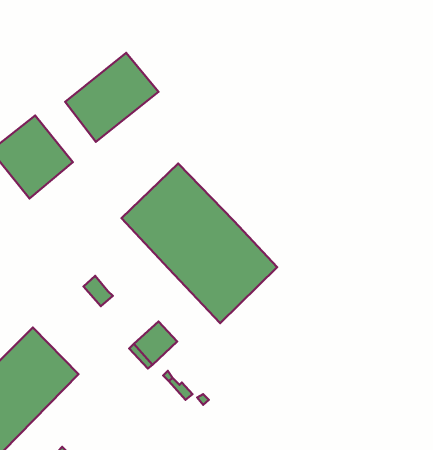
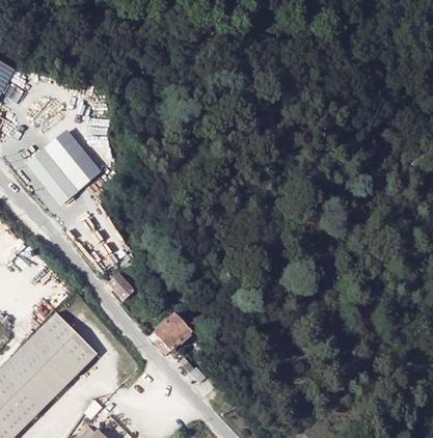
building: [65,53,158,142] -> none
building: [121,163,277,323] -> none

